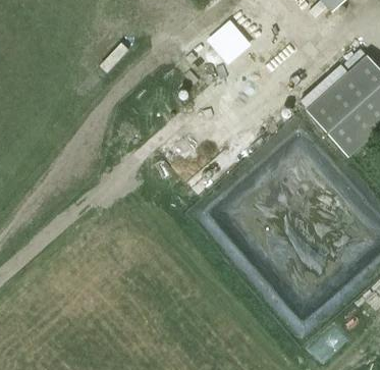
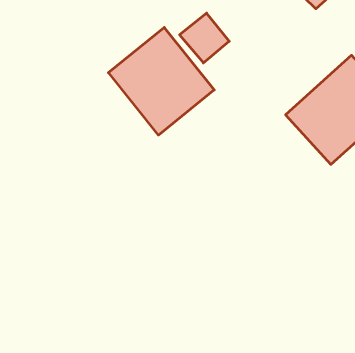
building: none -> [108,27,214,135]

